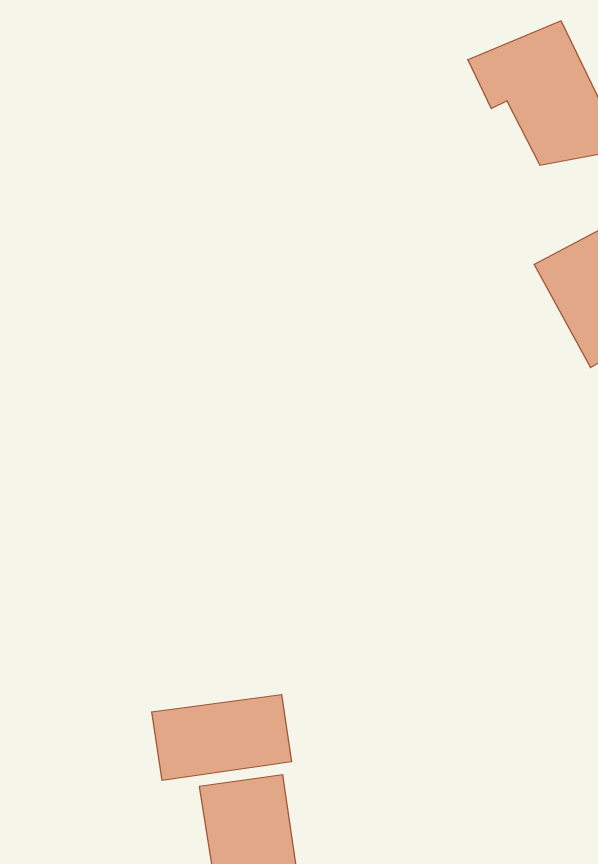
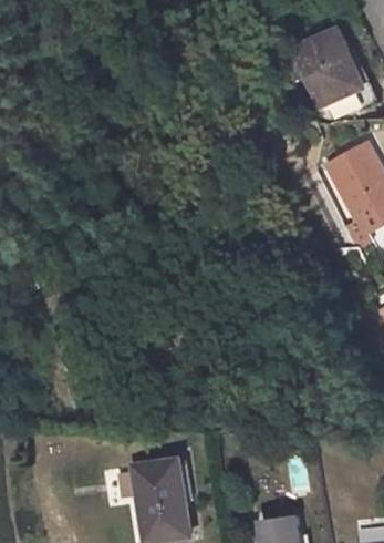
building: [152,694,292,780] -> none

